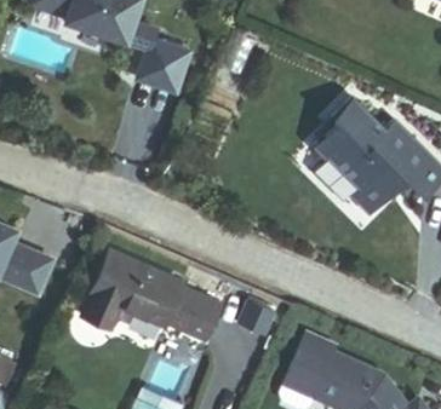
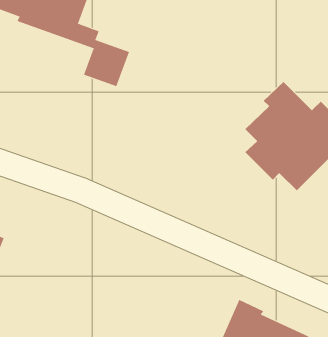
building: [82,249,220,339] -> none

